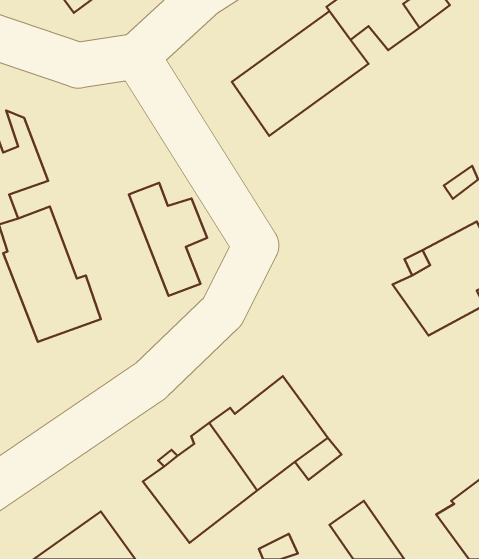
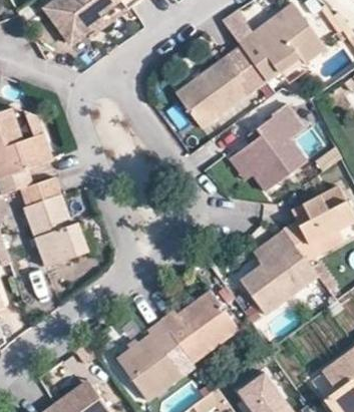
building: none -> [229,104,307,190]
building: [129,183,207,296] -> none
building: none -> [240,238,318,315]

